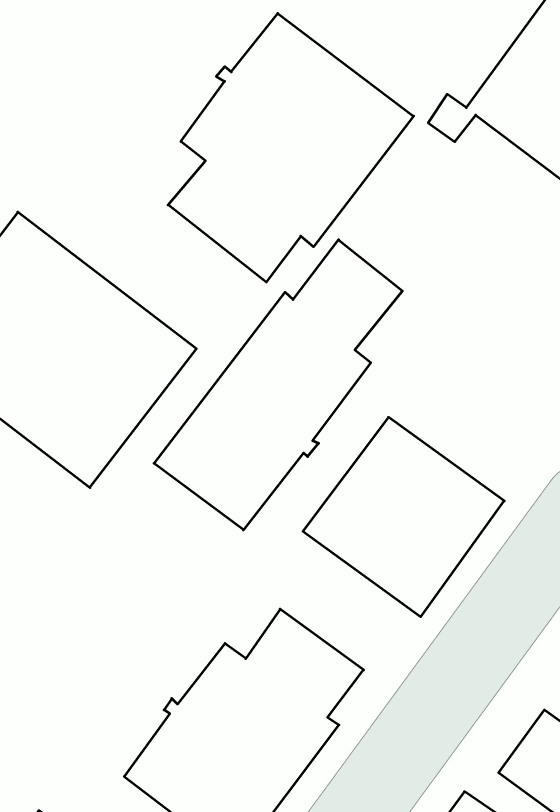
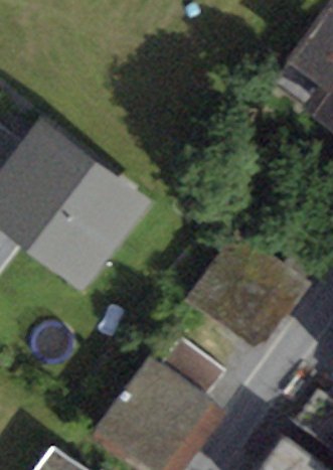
building: [168,13,414,282] -> none
building: [154,240,402,530] -> none

